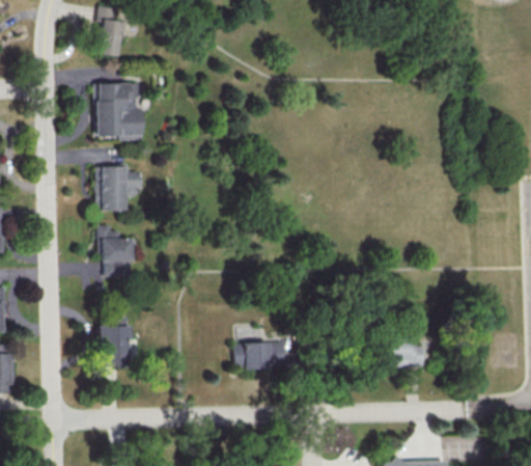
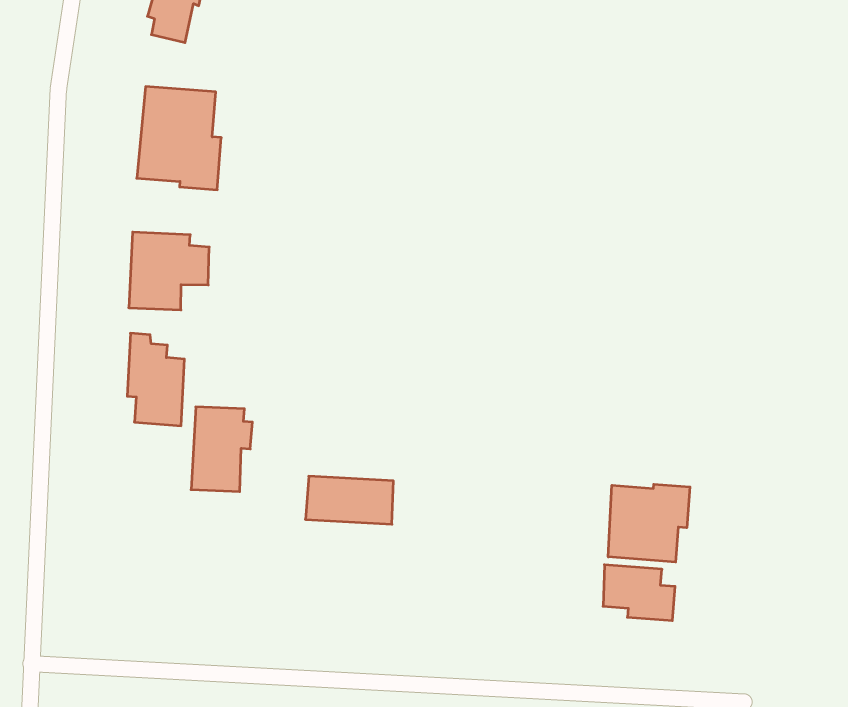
building: none -> [608,484,690,562]
building: [100,318,133,366] -> [191,407,252,492]
building: [235,342,285,368] -> [305,476,393,524]

